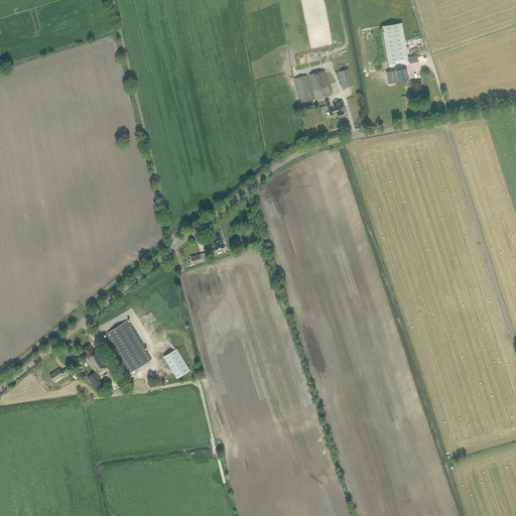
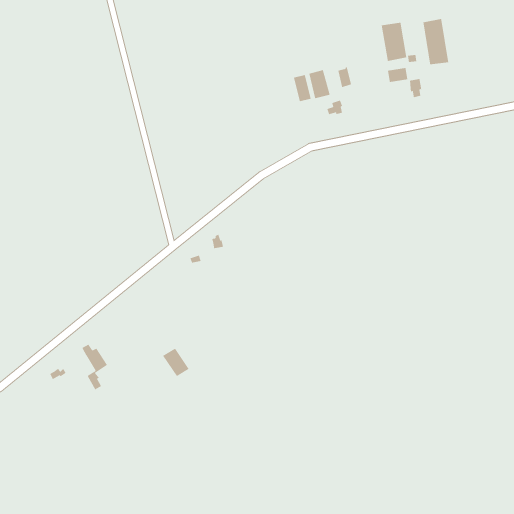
building: none -> [423,18,449,65]
building: [105,319,150,372] -> none

